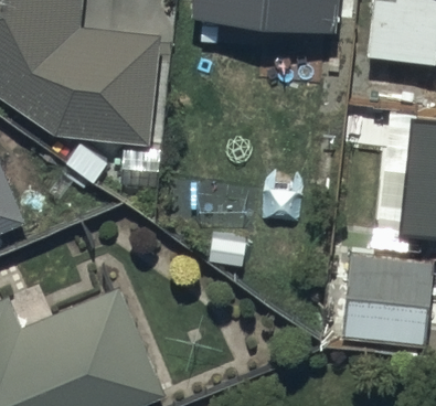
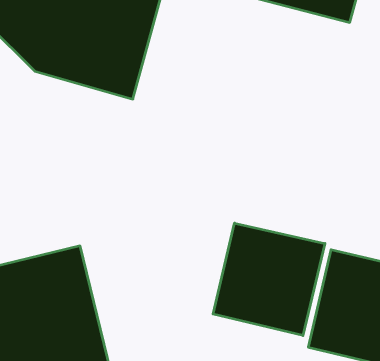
building: none -> [213,223,325,336]

